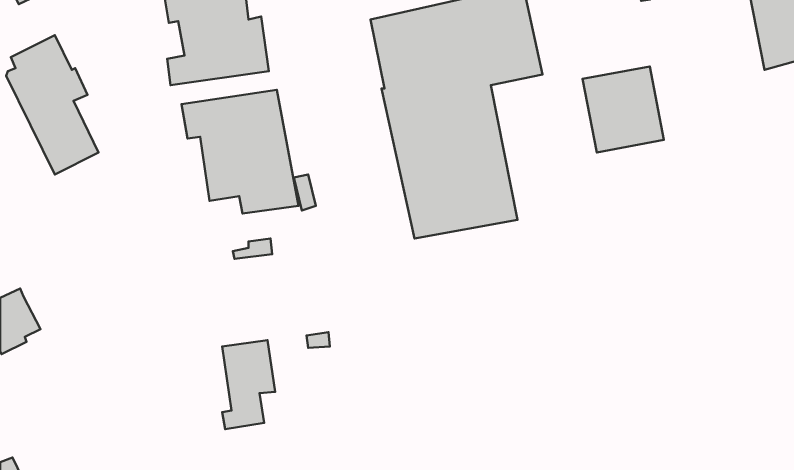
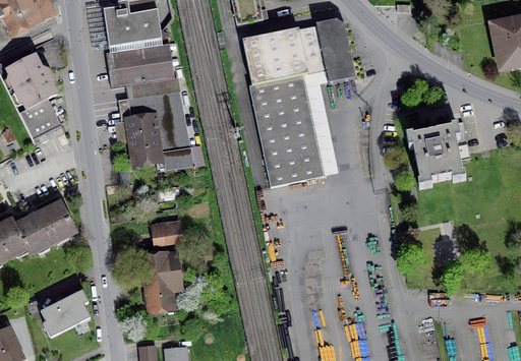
building: [583,66,664,152] -> [411,131,464,187]
building: none -> [15,200,76,253]
building: none -> [152,222,179,240]
building: none -> [42,289,89,332]

